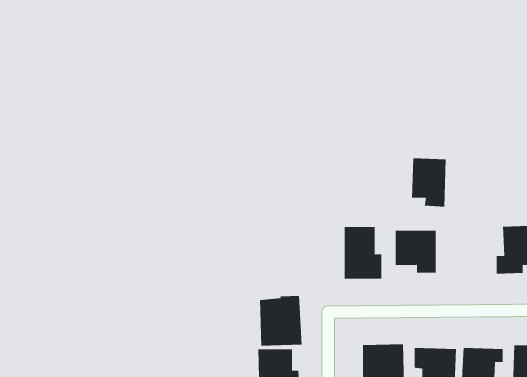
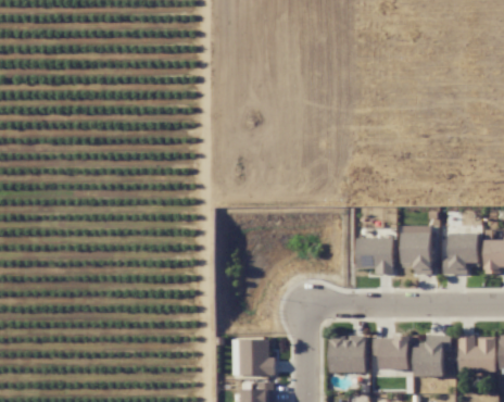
building: [411,158,447,207] -> [401,233,431,275]
building: [344,226,382,279] -> none
building: [259,295,302,346] -> none

